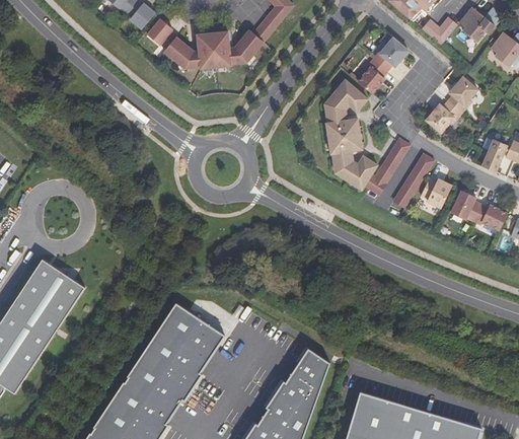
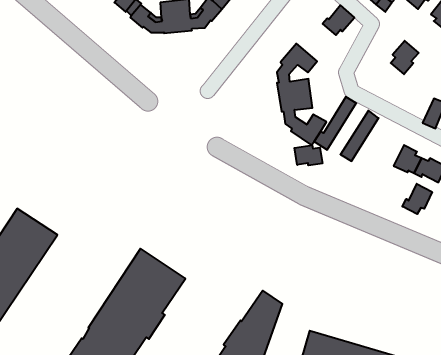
building: [358,59,387,94] -> none
building: [426,101,461,133] -> none
building: [421,179,451,208] -> none
building: none -> [294,145,322,165]
building: none -> [402,184,432,214]

